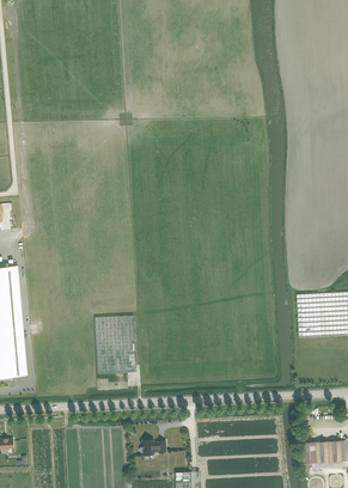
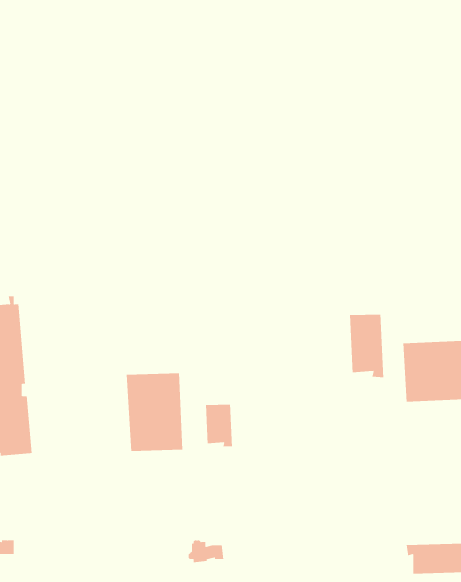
building: none -> [349,314,384,378]
building: none -> [205,404,233,447]

